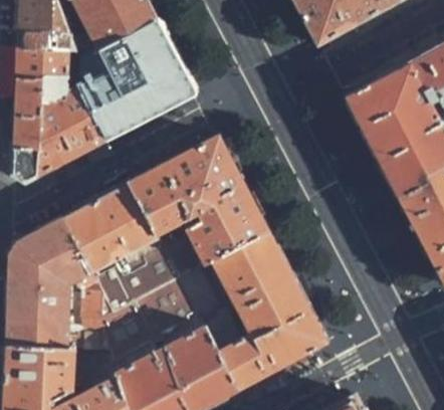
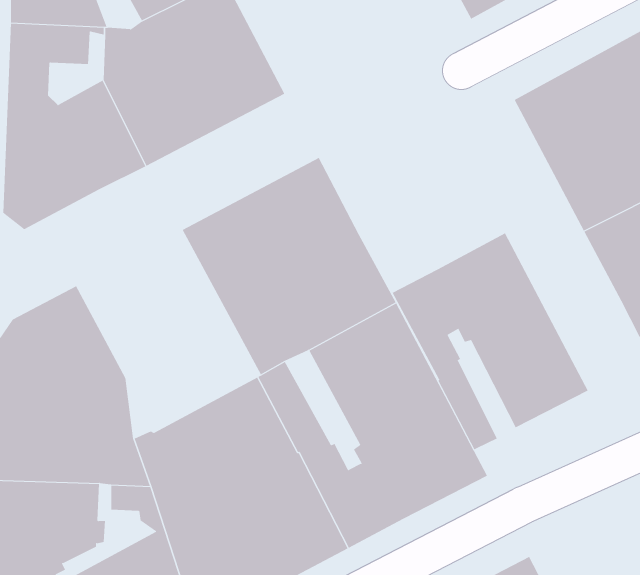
building: [61,182,181,318] -> none
building: none -> [392,232,589,450]

